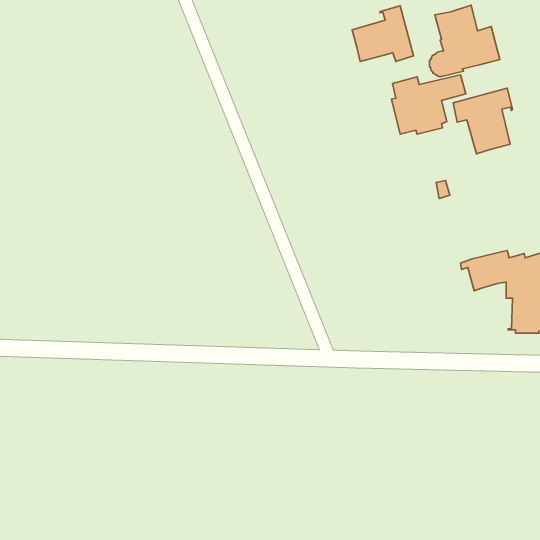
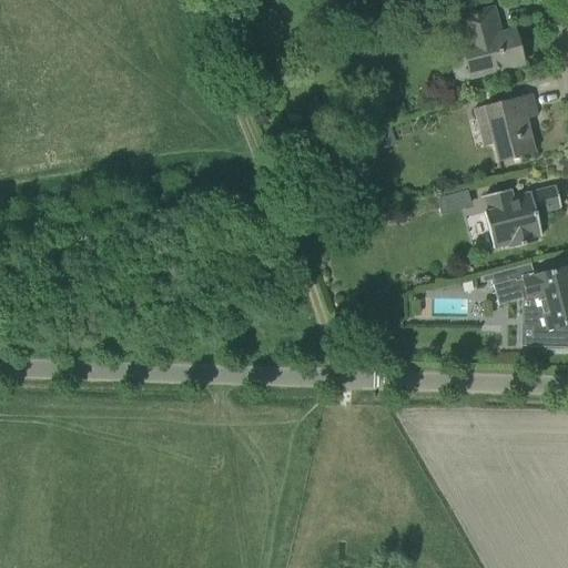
building: [352,6,414,62] -> none
building: [392,75,466,134] -> [485,185,562,247]

